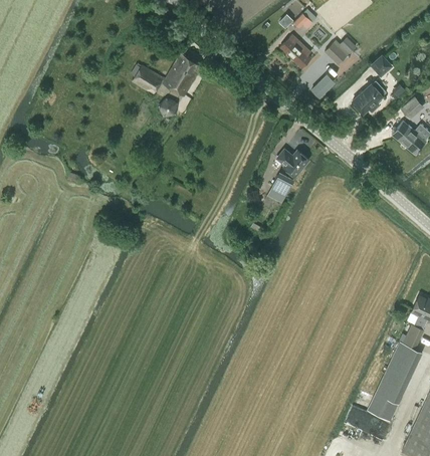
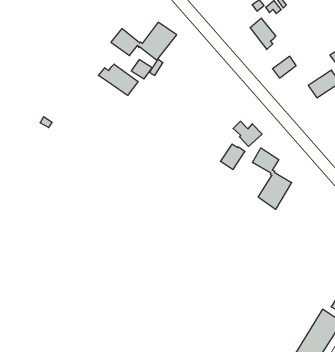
building: [325,38,356,65] -> none
building: none -> [98,64,138,95]
building: none -> [252,148,292,209]

